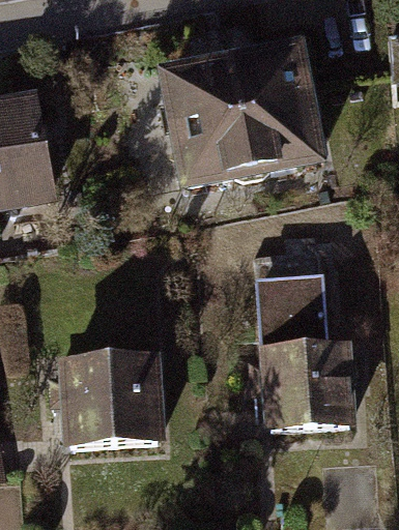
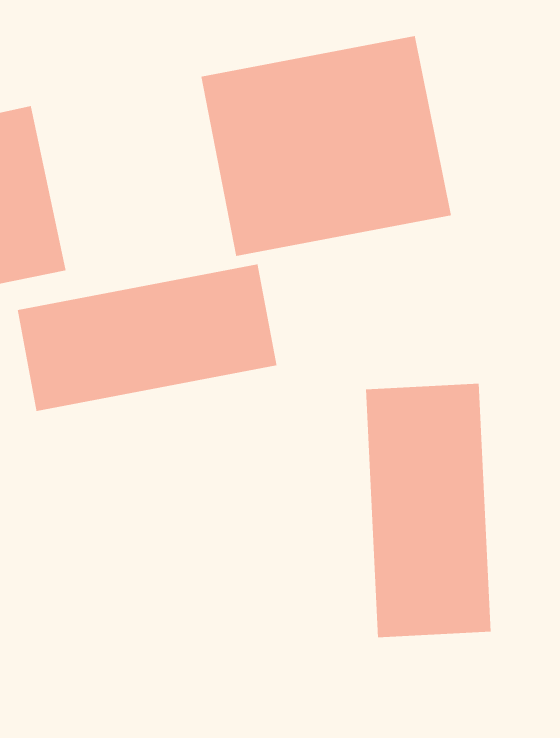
building: none -> [17,263,277,412]
building: [69,363,179,455] -> none

